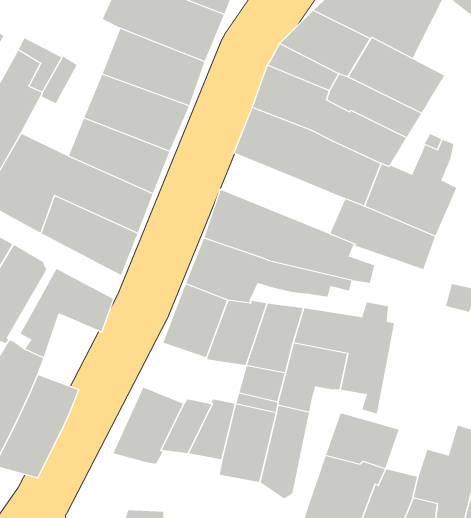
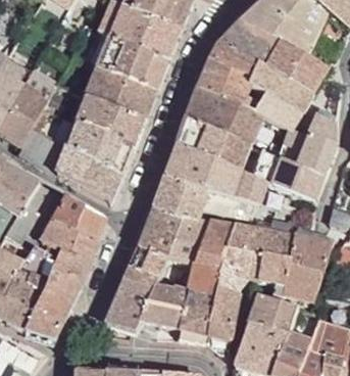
building: none -> [179,121,262,175]
building: none -> [285,225,337,301]
building: none -> [56,229,99,280]
building: none -> [127,248,169,289]

